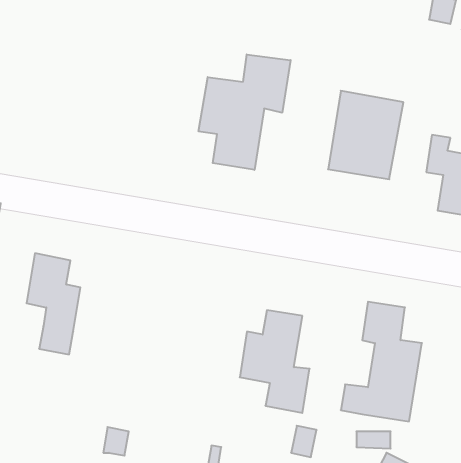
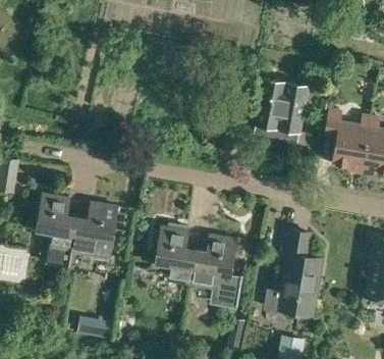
building: [199,54,291,170] -> none
building: none -> [72,203,118,255]
building: none -> [157,227,197,284]

